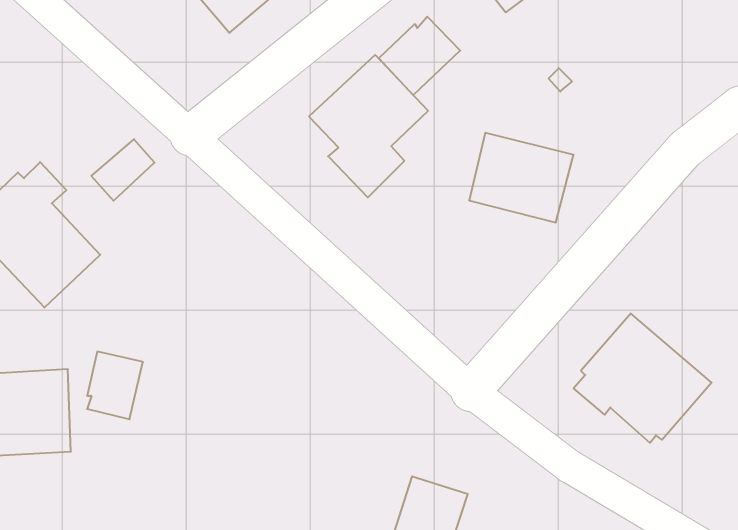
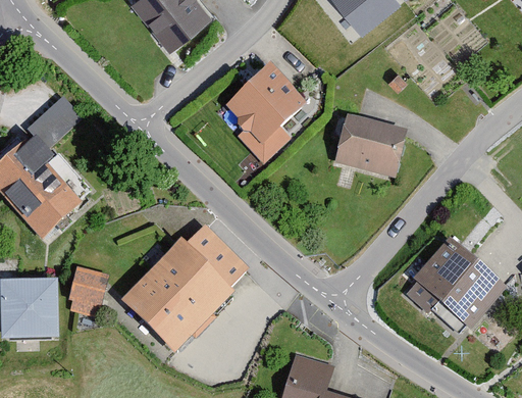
building: [379,17,460,95] -> none
building: [91,139,155,201] -> [34,97,77,140]
building: none -> [118,227,247,355]

